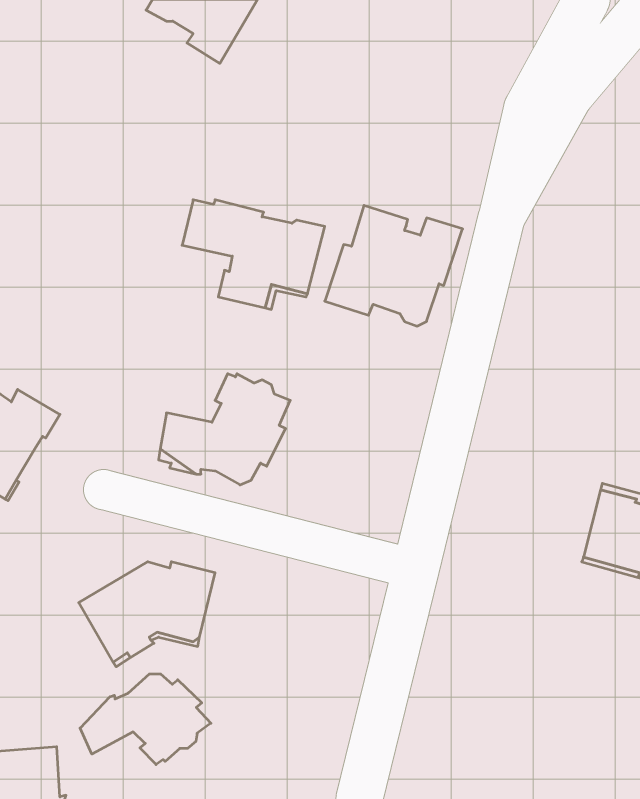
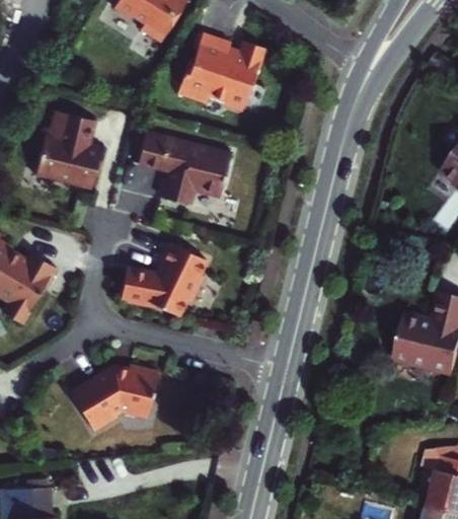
building: none -> [35,108,103,187]
building: [325,205,463,326] -> [176,31,265,109]
building: [80,674,211,765] -> none

